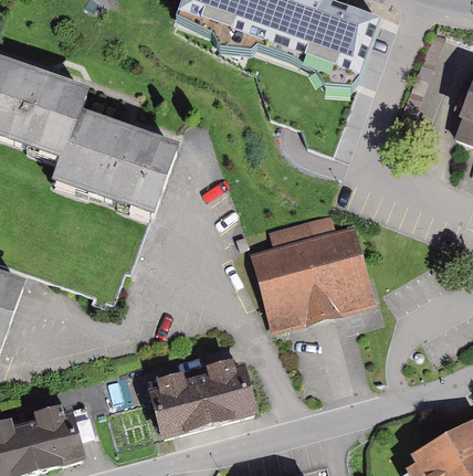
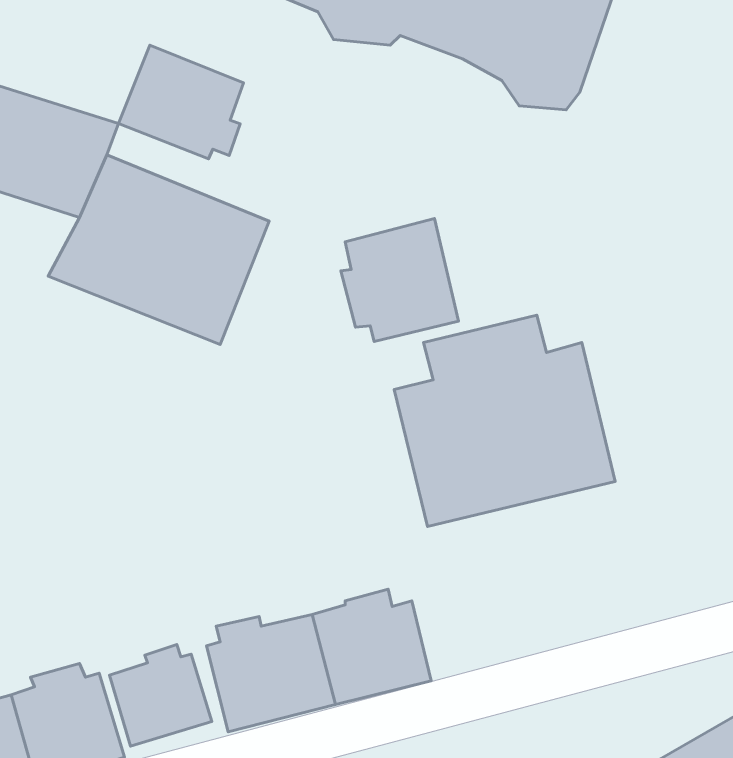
building: none -> [119,45,244,159]
building: none -> [341,218,458,341]
building: none -> [110,645,212,746]

